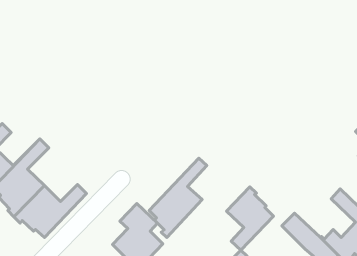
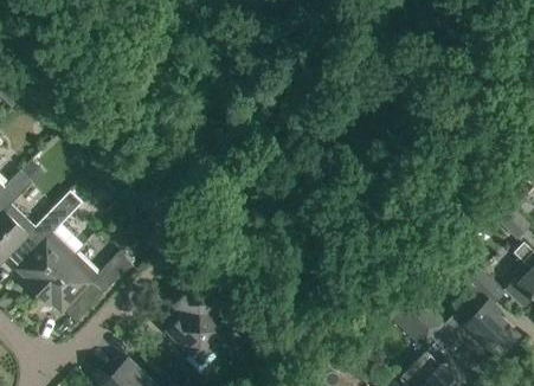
building: [149,158,207,237] -> none
building: [227,187,273,250] -> none

